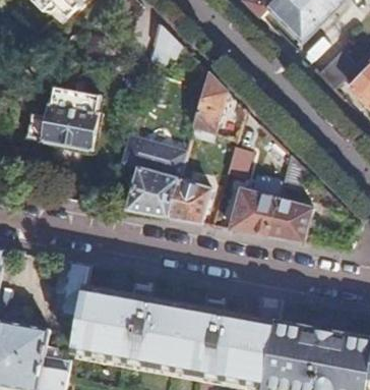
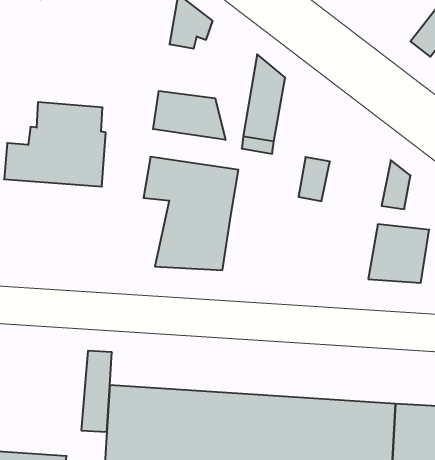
building: none -> [153,91,225,140]
building: [170,179,210,222] -> none
building: [230,188,280,234] -> none

